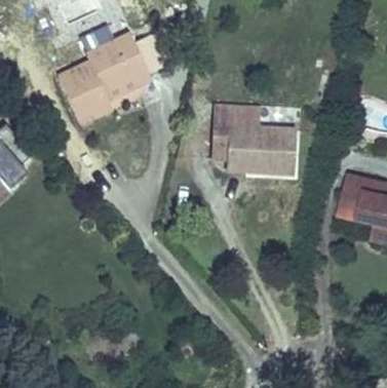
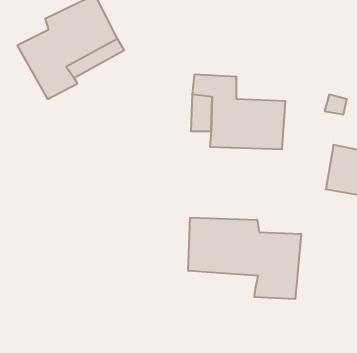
building: none -> [188,218,301,299]

